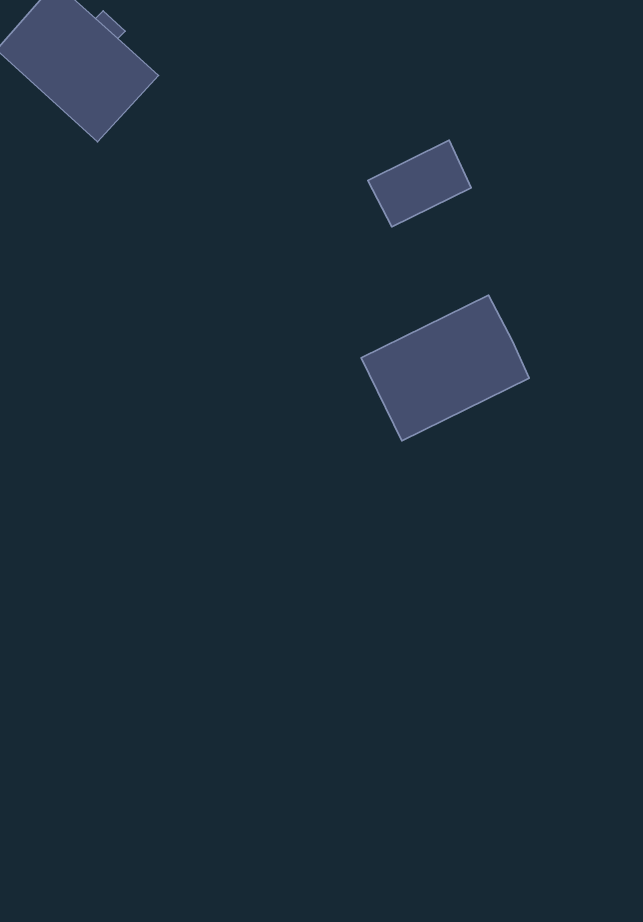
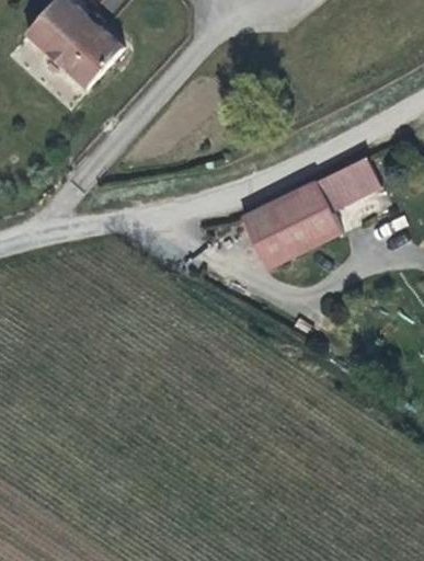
building: [368,140,471,227] -> [317,157,378,208]

